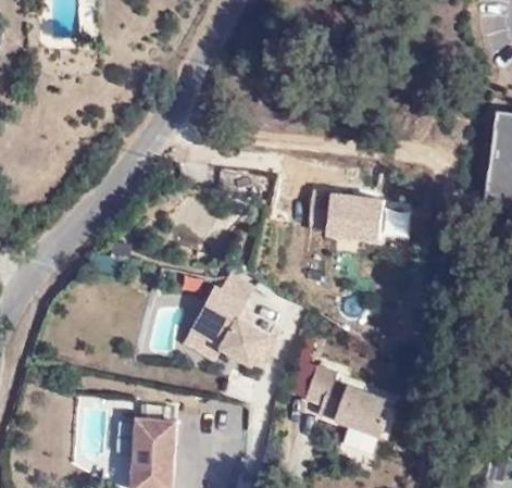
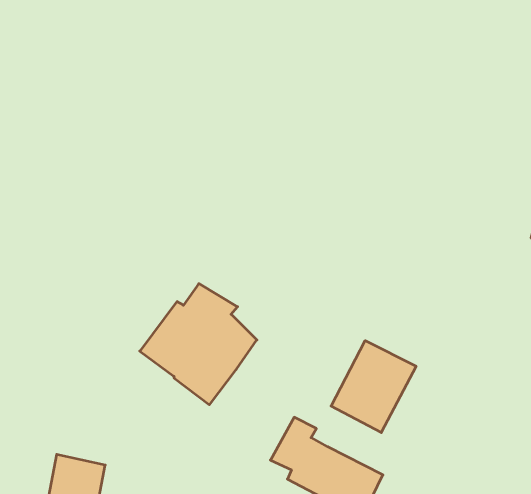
building: [325,192,380,247] -> none
building: none -> [331,341,416,433]

